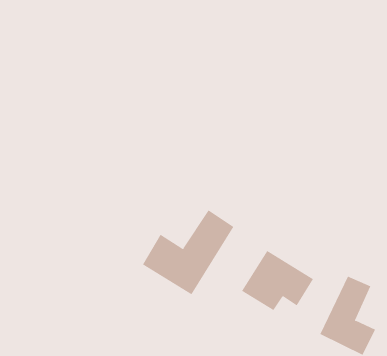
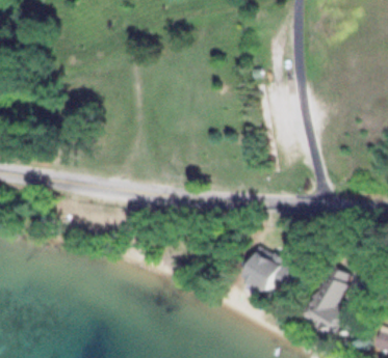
building: [142,210,234,295] -> none

